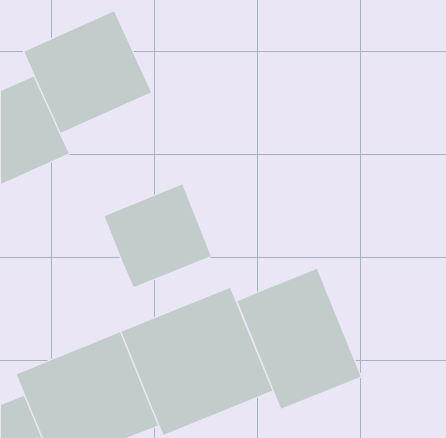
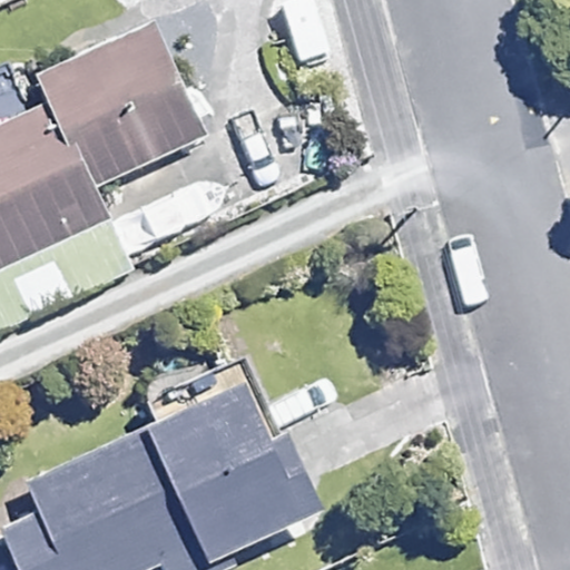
building: [104,184,212,288] -> none
building: [237,268,362,409] -> none

